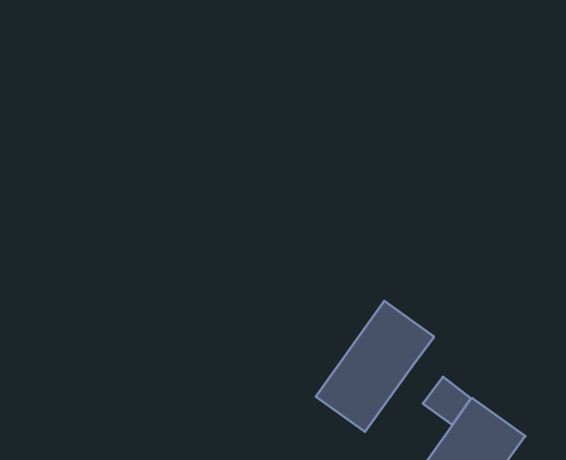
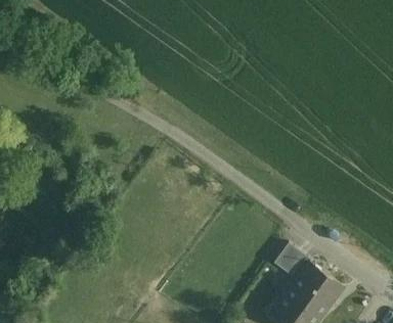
building: [316,301,434,432] -> none

